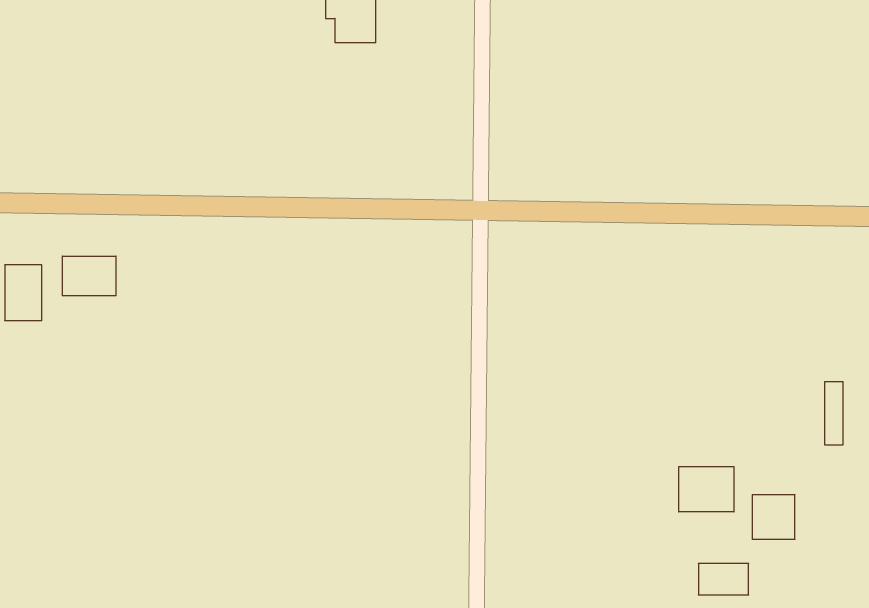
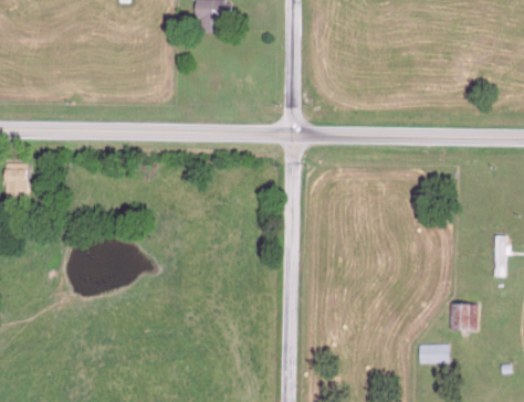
building: [62,256,116,296] -> none
building: [679,467,734,512] -> none

